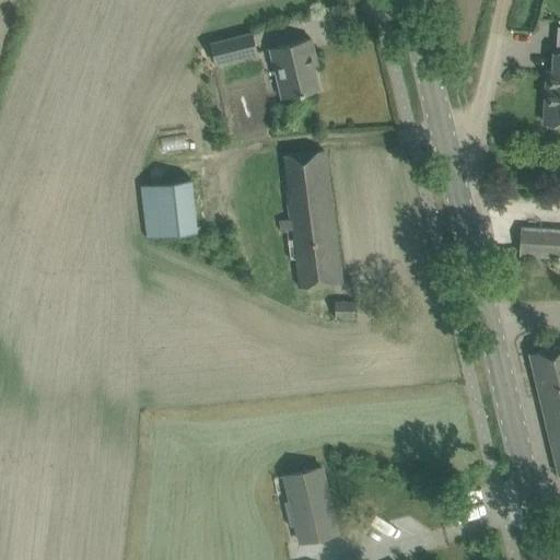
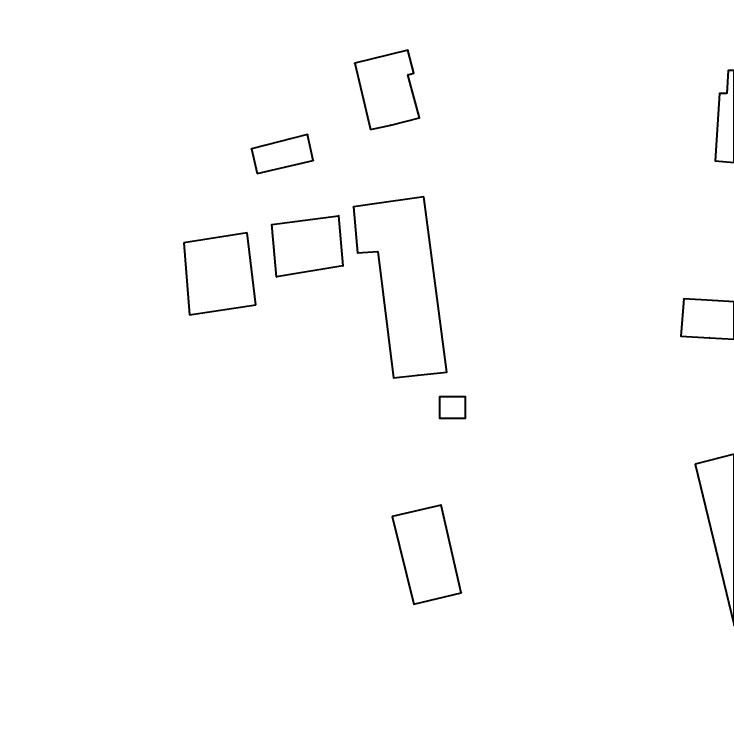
building: [211,34,258,63] -> [251,135,313,173]
building: none -> [272,216,343,277]
building: [285,468,338,544] -> [392,505,461,604]

